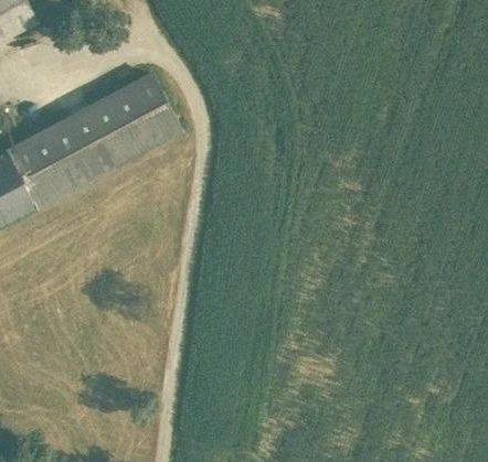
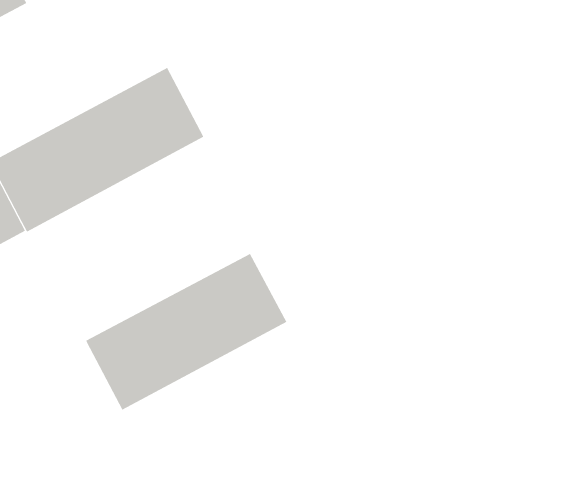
building: none -> [86,253,287,410]

